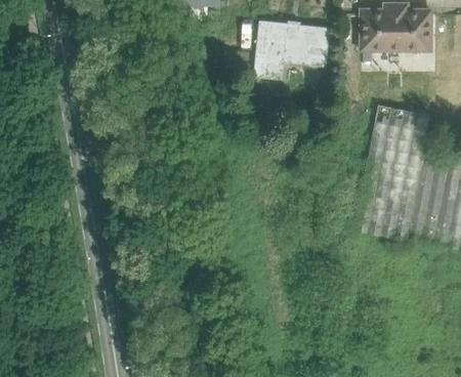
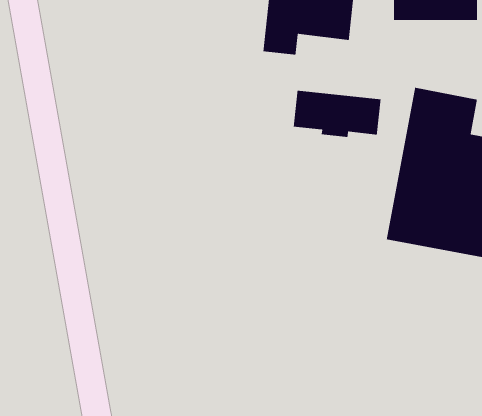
building: none -> [293,90,381,138]

